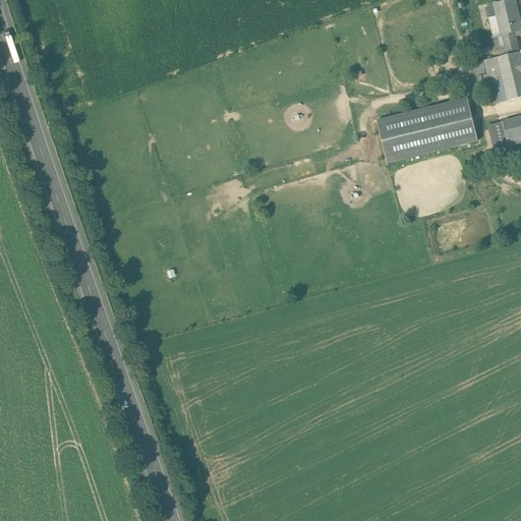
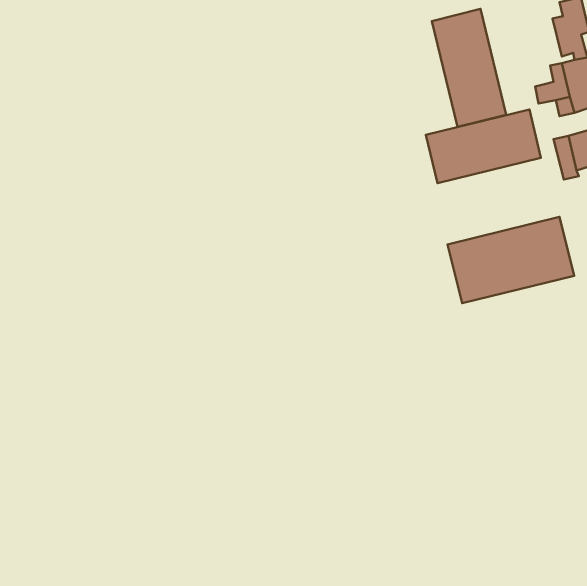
building: none -> [432,9,506,127]
building: none -> [447,217,574,303]

